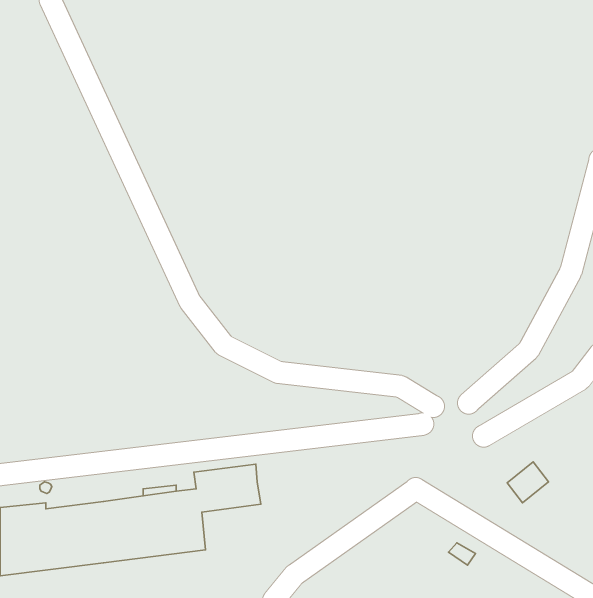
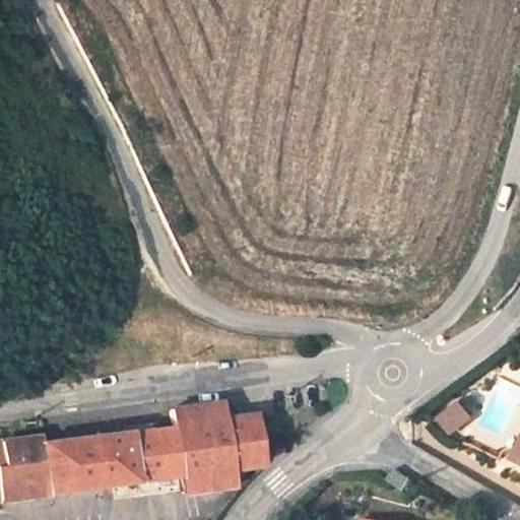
building: none -> [181,414,266,494]

